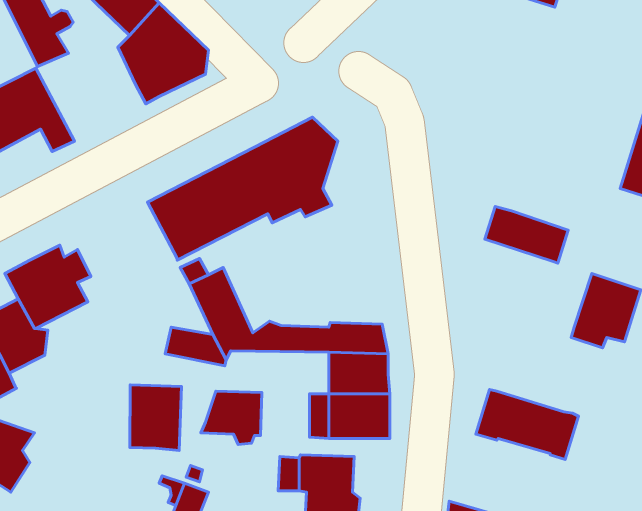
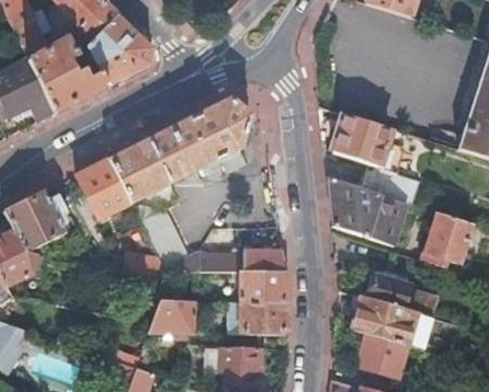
building: none -> [27,41,109,115]
building: none -> [333,115,395,166]
building: none -> [78,160,132,218]
building: none -> [328,177,409,245]
building: none -> [367,276,433,316]
building: [130,385,181,451] -> none
building: none -> [359,334,407,376]

